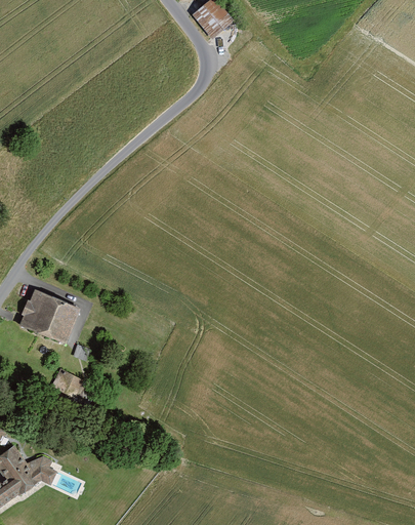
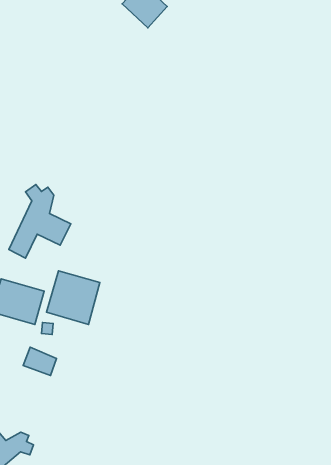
building: none -> [9,185,71,258]
building: none -> [47,271,100,325]

